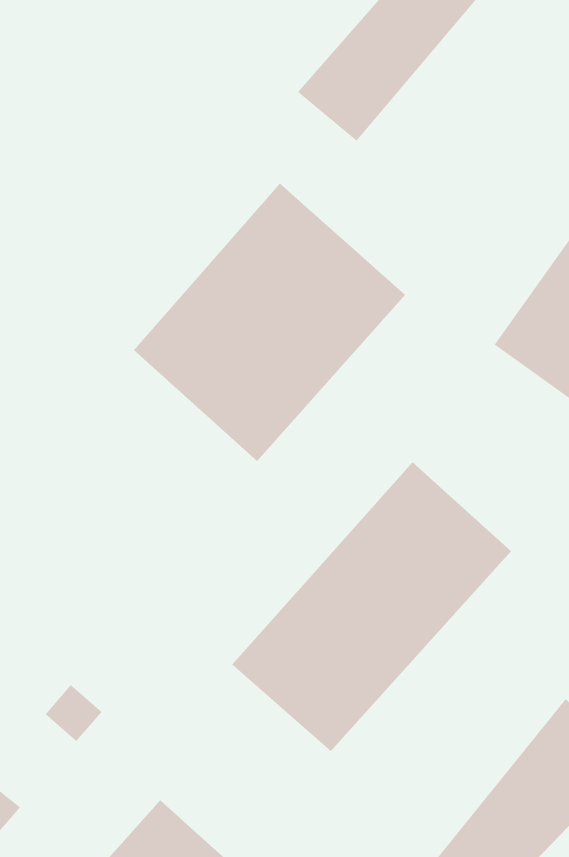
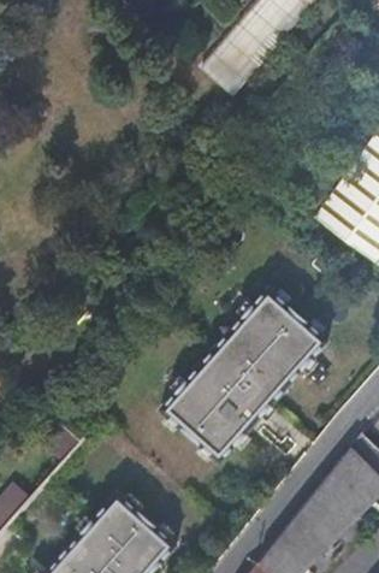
building: [133,183,406,462] -> none

